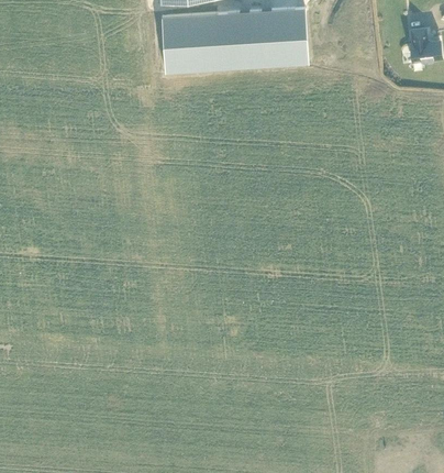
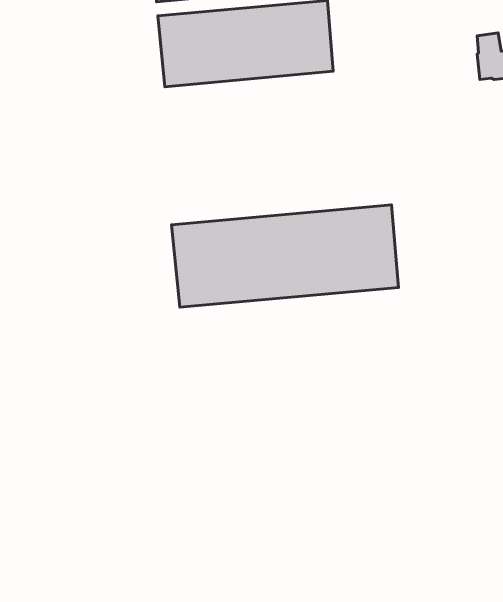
building: none -> [171,205,398,307]

